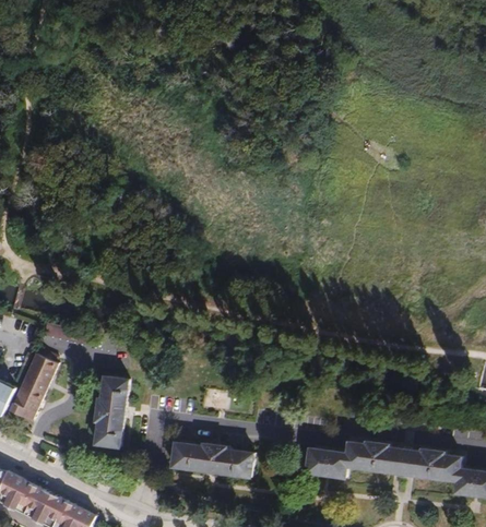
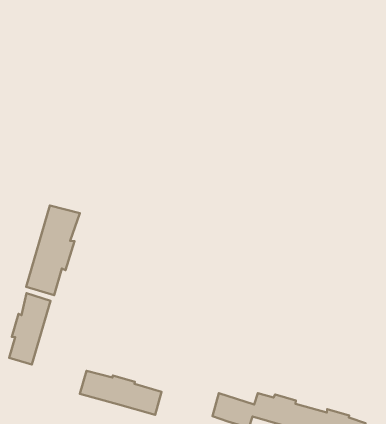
building: none -> [26,205,80,295]

